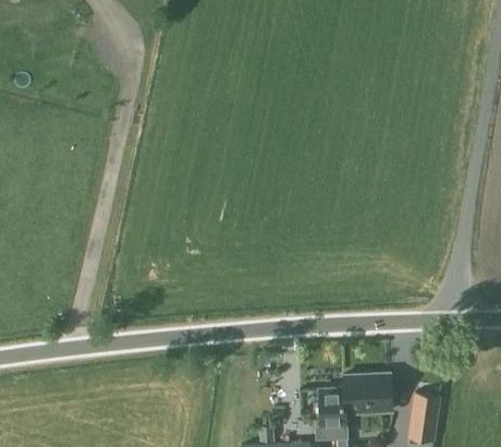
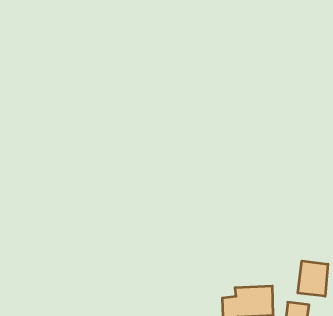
building: none -> [298,261,328,296]

